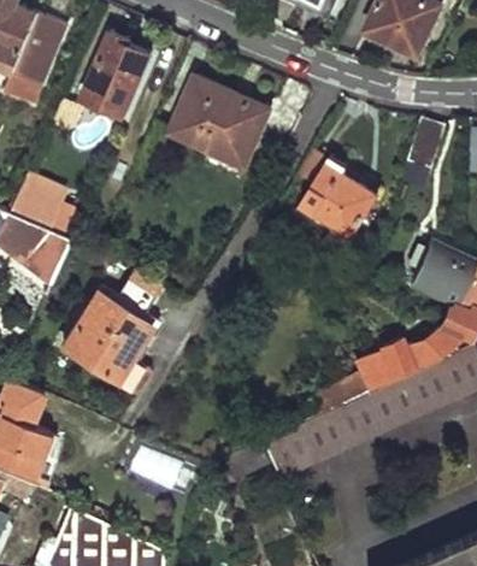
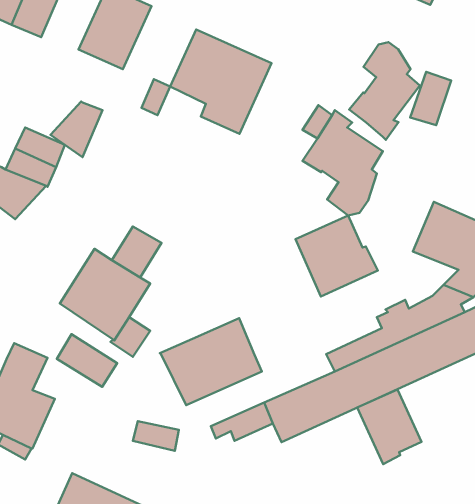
building: none -> [349,42,420,140]
building: [18,230,69,284] -> [50,101,102,157]
building: none -> [295,215,378,296]
building: none -> [160,318,262,405]
building: none -> [57,334,117,387]
building: none -> [357,389,421,464]

